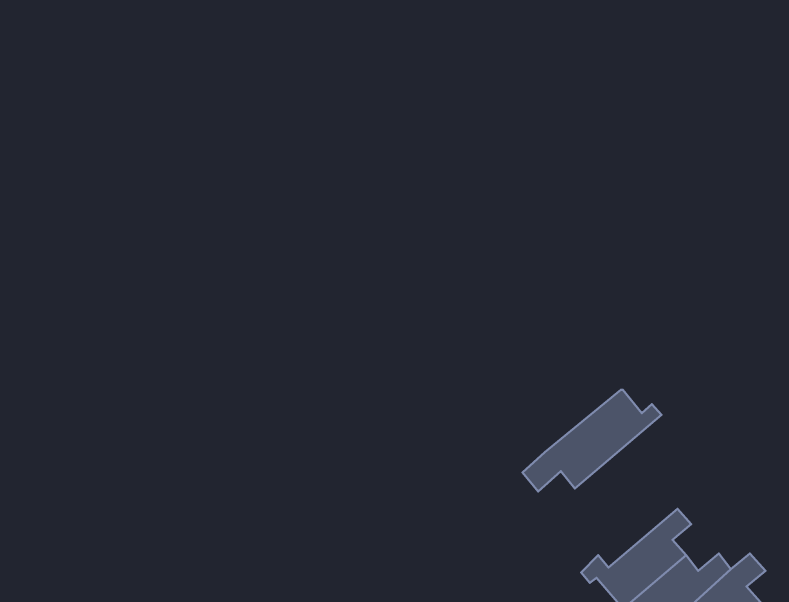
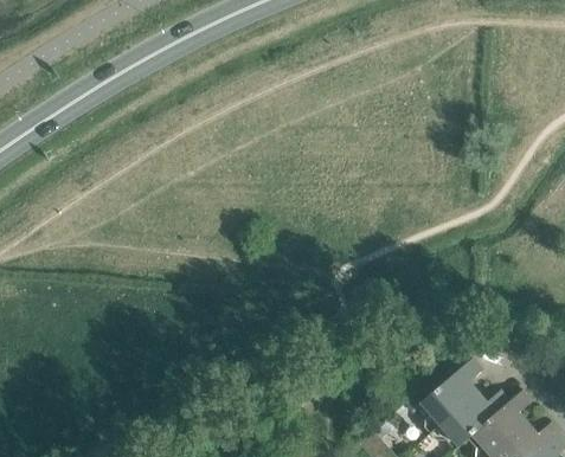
building: [522,390,661,492] -> none

